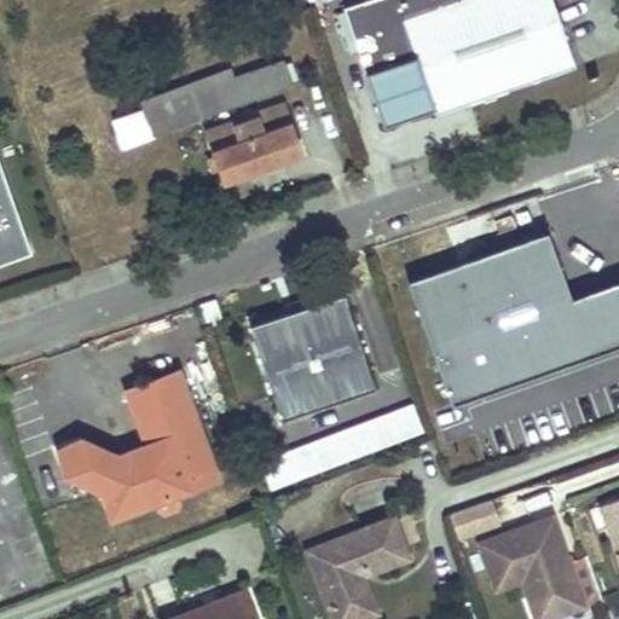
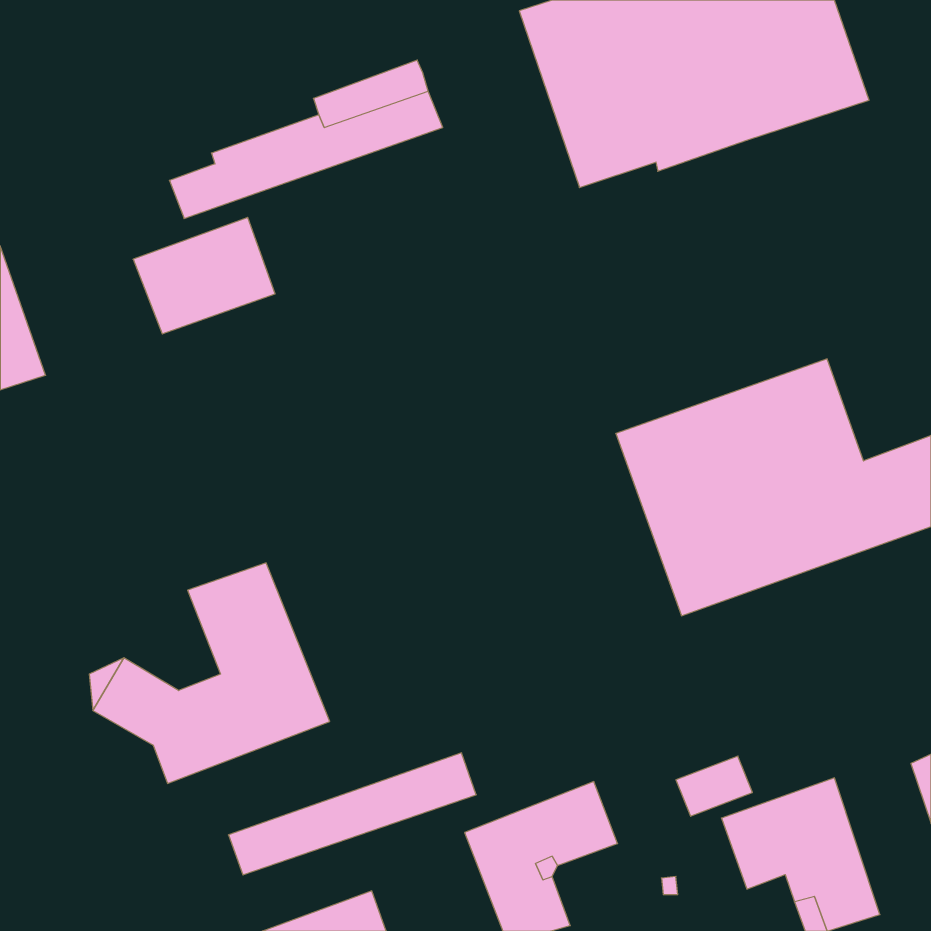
building: [207,100,301,178] -> [133,217,275,334]
building: [250,294,375,421] -> none
building: [260,405,424,486] -> [228,753,476,875]

